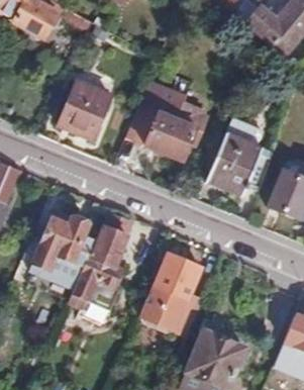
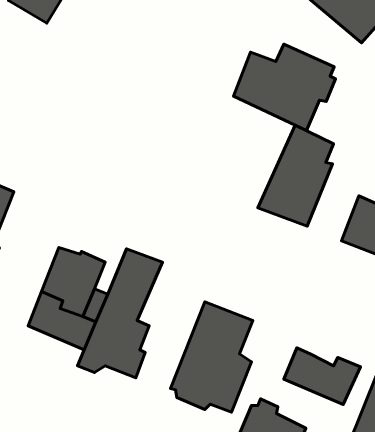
building: [59,80,112,139] -> none
building: [126,97,204,163] -> [233,44,336,131]
building: none -> [284,348,361,404]

